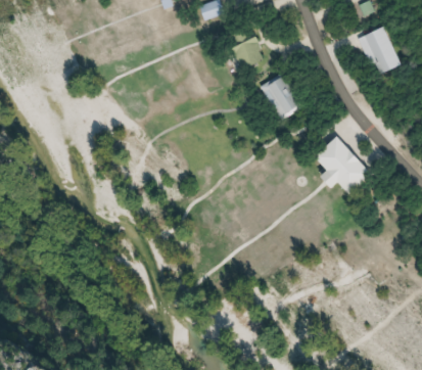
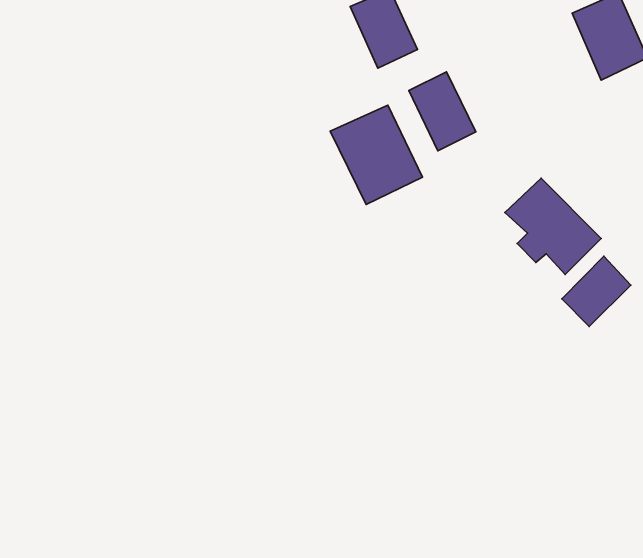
building: none -> [330,105,422,204]
building: none -> [562,256,631,327]

